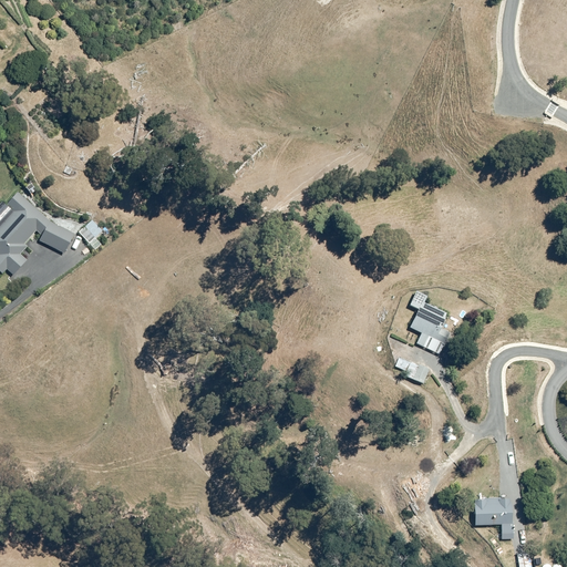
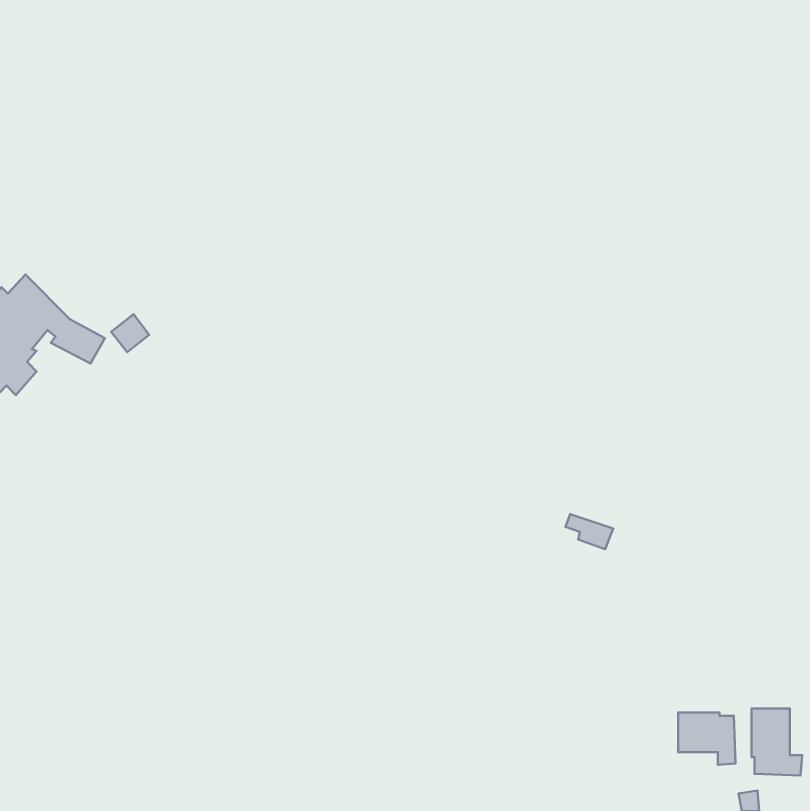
building: [408,290,455,354] -> none
building: none -> [751,709,802,776]

